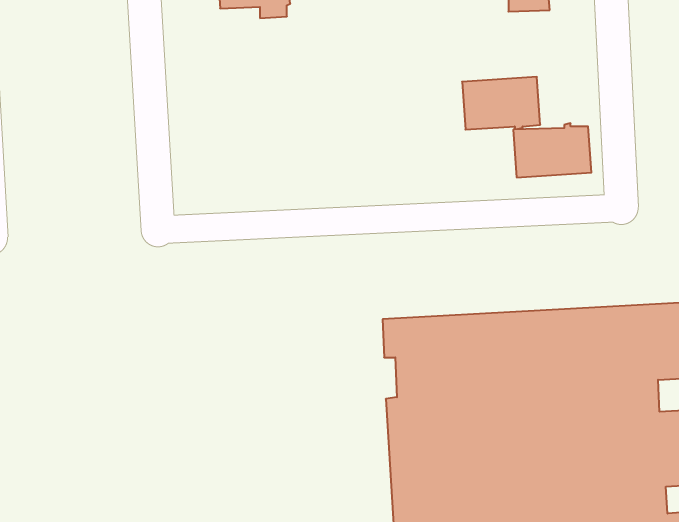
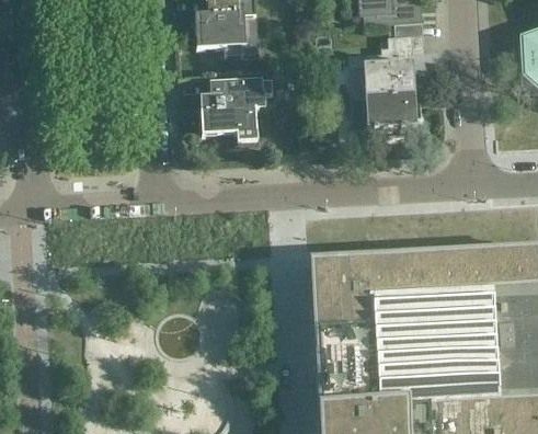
building: none -> [203,75,267,136]
building: [513,123,591,177] -> [364,56,417,93]

